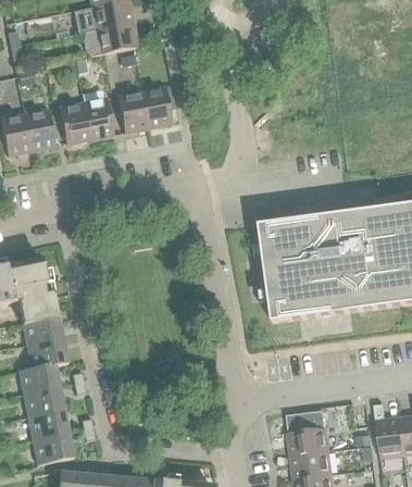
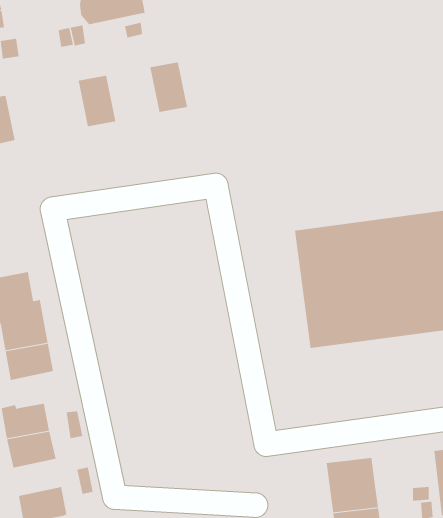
building: [117,89,149,132] -> none
building: [59,100,90,142] -> none
building: [24,107,55,149] -> none
building: [27,338,68,369] -> none
building: [29,410,70,440] -> none

